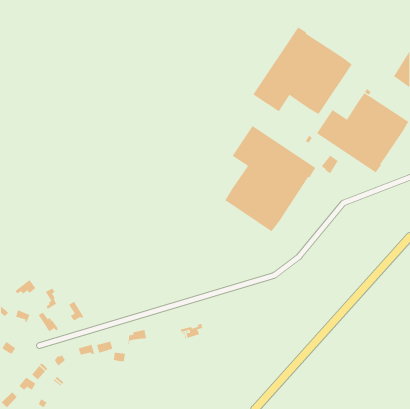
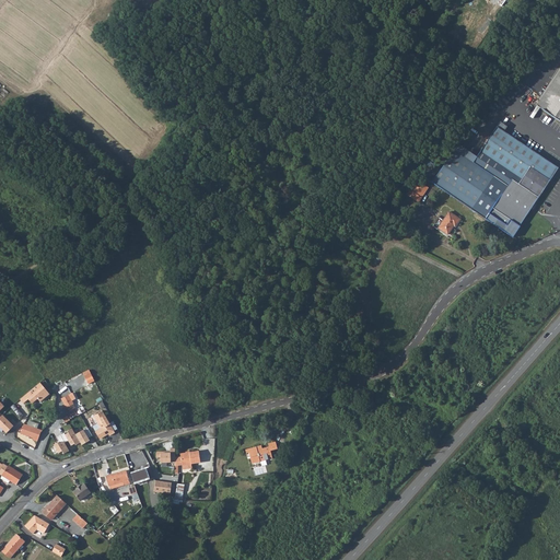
building: [253,26,353,115] -> none
building: [224,125,316,232] -> none

